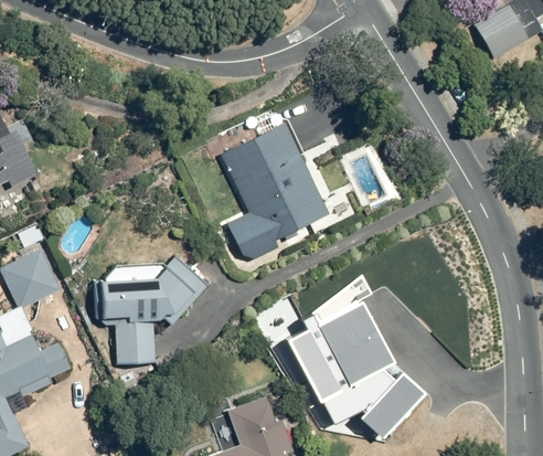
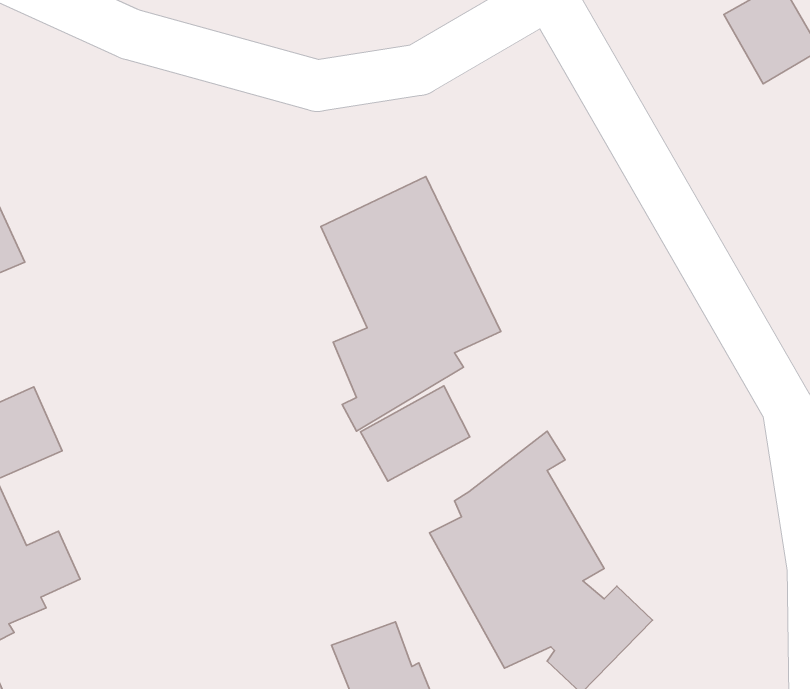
building: none -> [360,386,470,481]
building: [100,256,205,364] -> none

